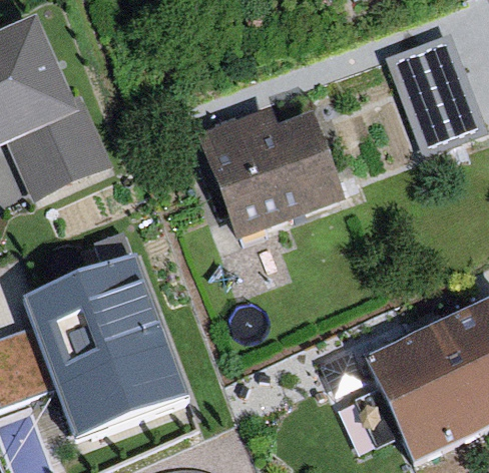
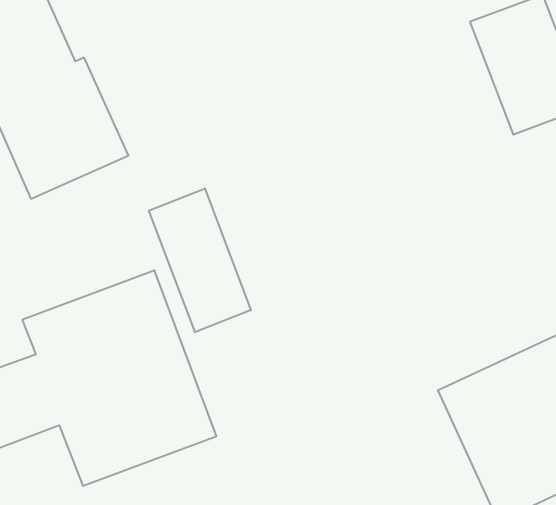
building: [202,106,344,238] -> none
building: none -> [149,188,251,332]

